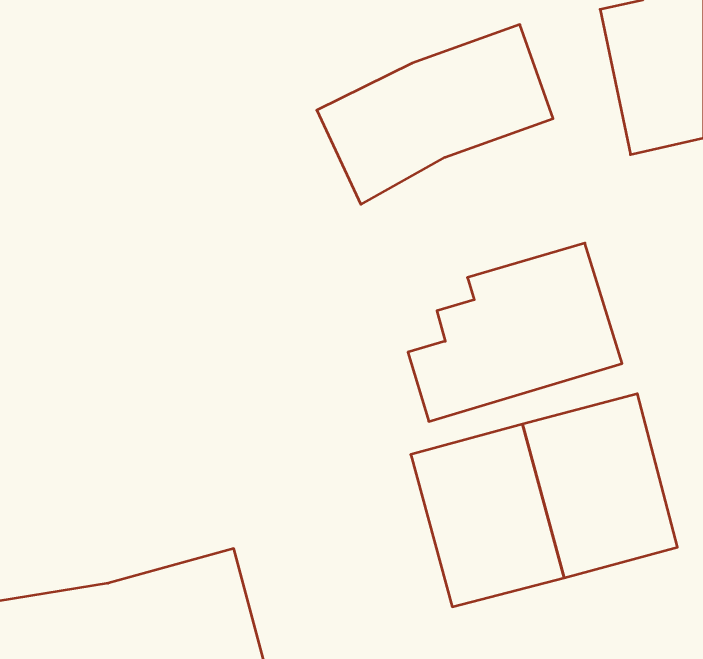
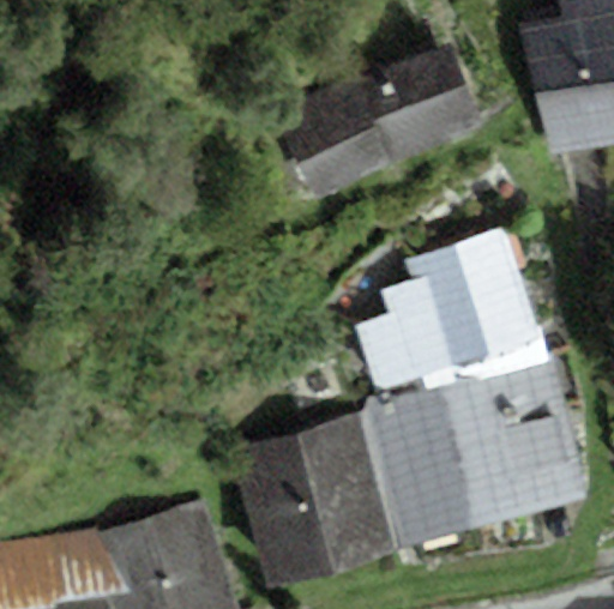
building: none -> [230,417,395,584]

